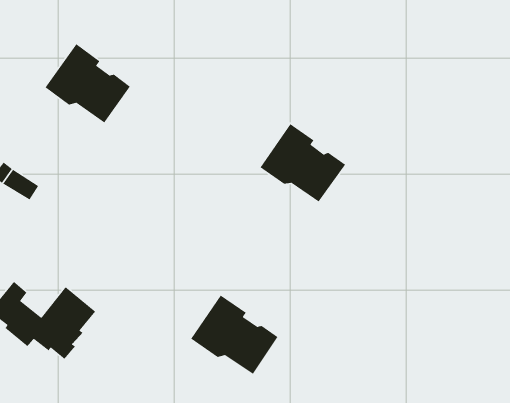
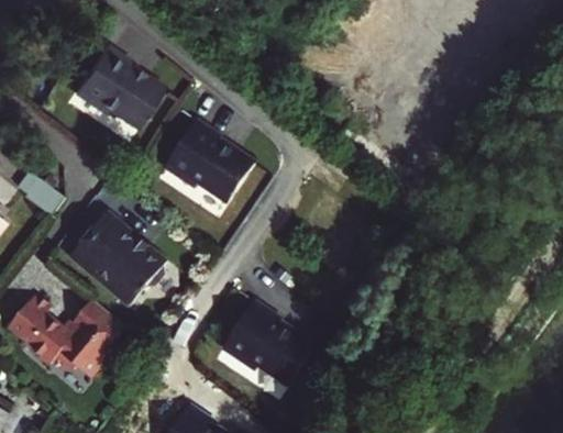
building: [260,123,346,202] -> [163,123,253,206]
building: none -> [66,212,163,306]

